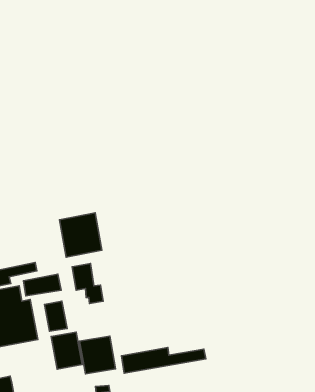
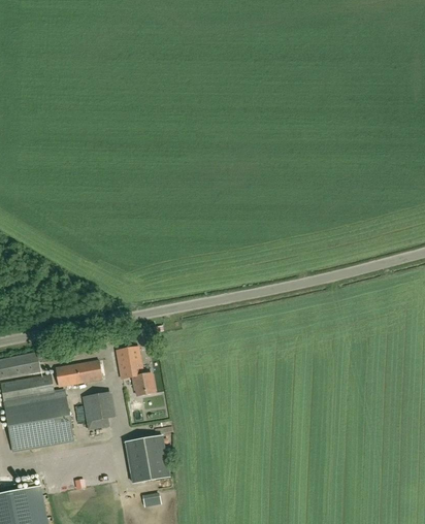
building: [59,213,102,257] -> none
building: [51,332,82,369] -> none
building: [121,347,206,373] -> none

